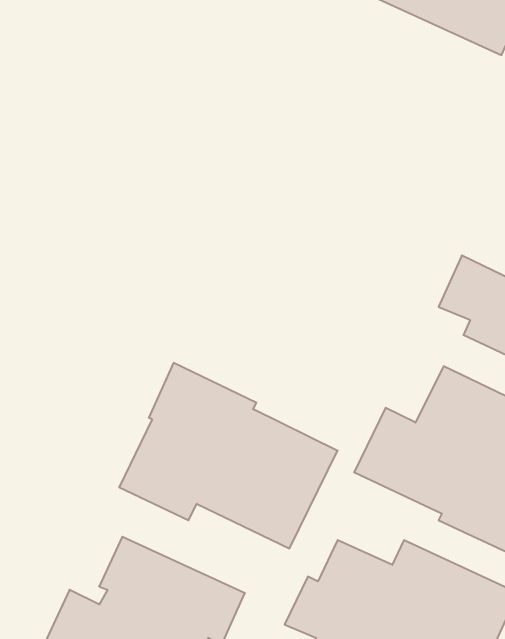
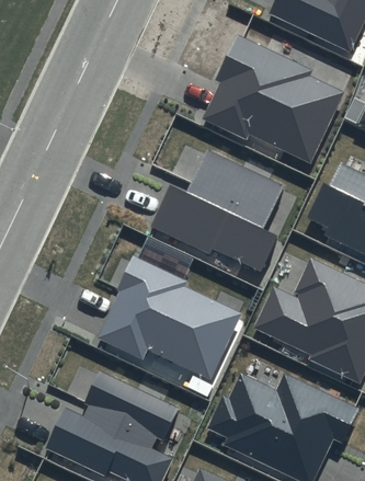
building: none -> [203,34,344,163]
building: none -> [151,152,283,274]

